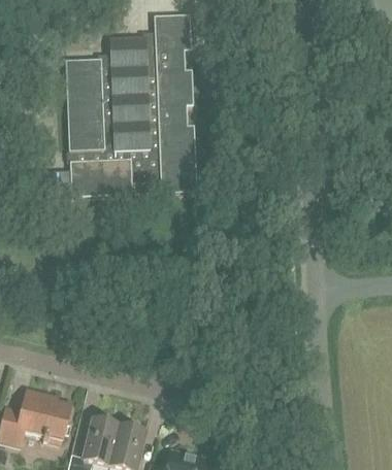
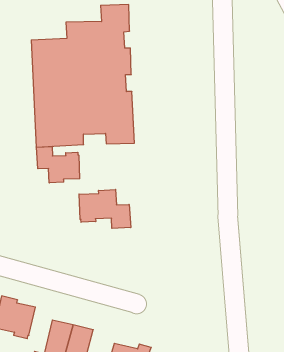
building: none -> [37,146,80,183]
building: none -> [79,189,131,228]

